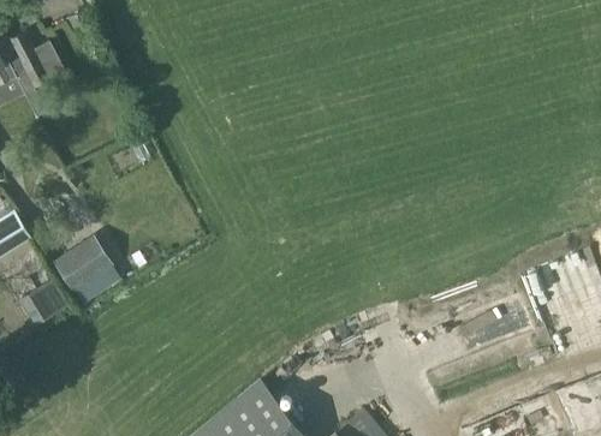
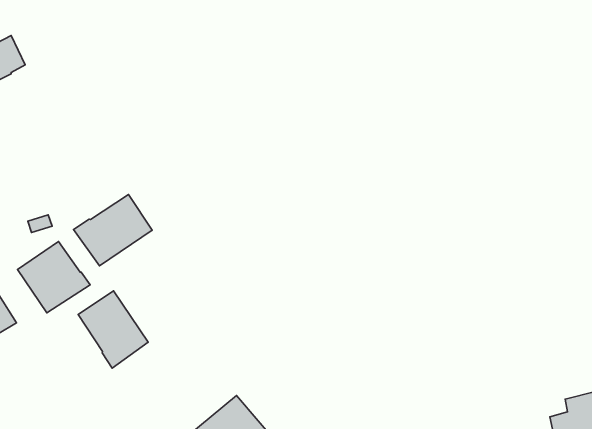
building: none -> [73,195,152,266]
building: none -> [78,291,148,368]

